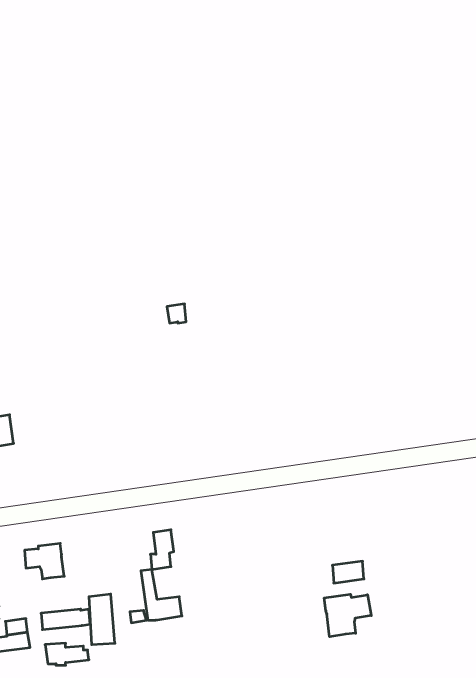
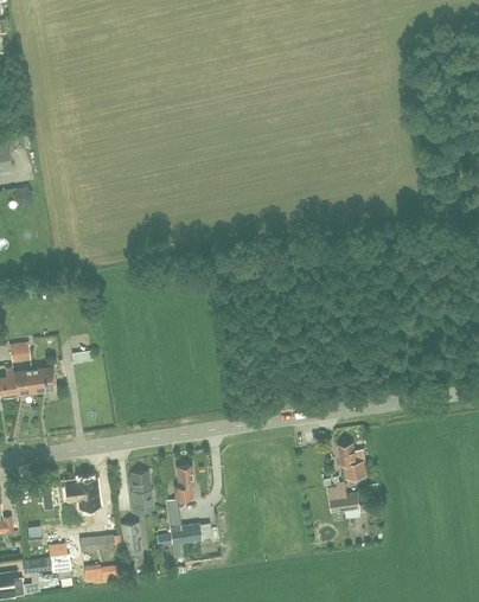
building: none -> [338,443,365,478]
building: none -> [130,470,153,511]
building: [324,594,371,637] -> none

